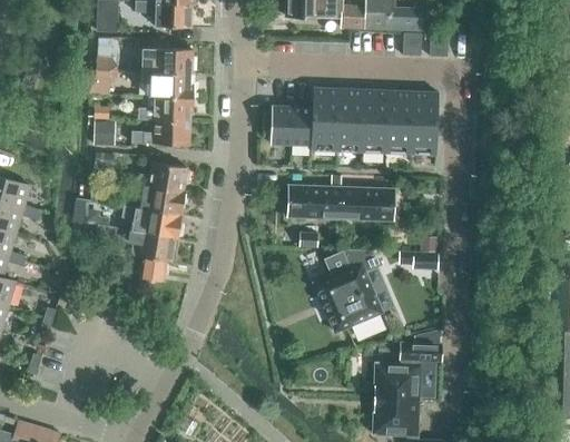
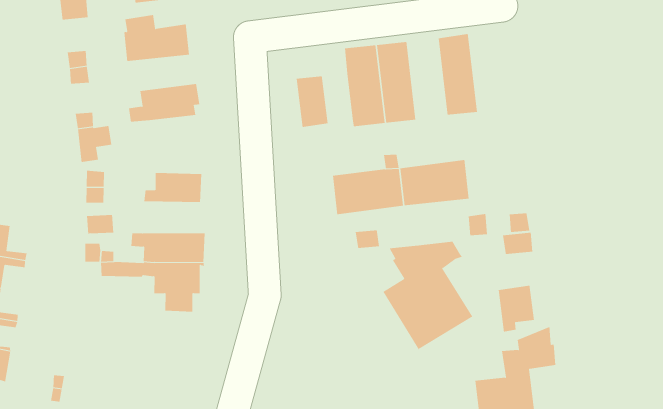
building: [142,71,196,97] -> none
building: [362,89,389,151] -> none
building: [411,90,439,154] -> none
building: [293,106,313,145] -> none
building: [132,120,190,146] -> none
building: [135,183,187,215] -> none
building: none -> [498,285,534,332]

